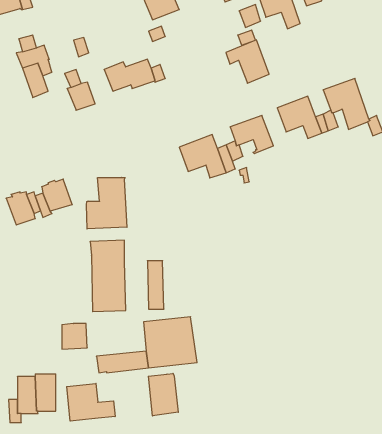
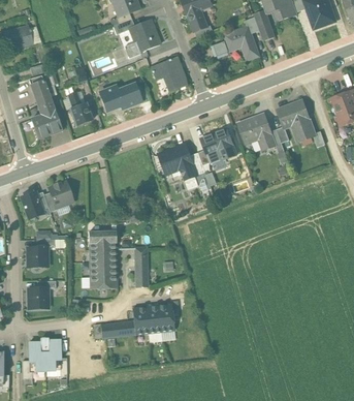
building: [226,40,269,83] -> [152,56,187,91]
building: none -> [31,110,62,138]
building: [86,177,127,229] -> none
building: none -> [27,246,47,267]
building: [62,324,87,349] -> [28,287,49,308]
building: [148,373,178,416] -> none
building: [67,383,115,421] -> none

